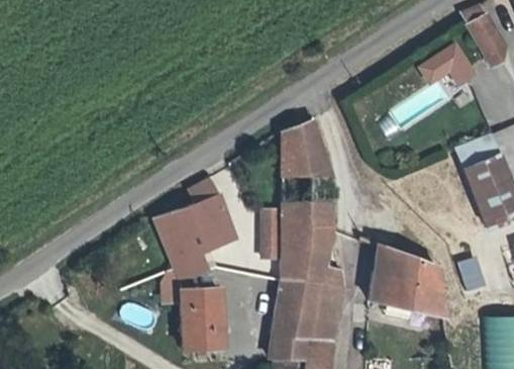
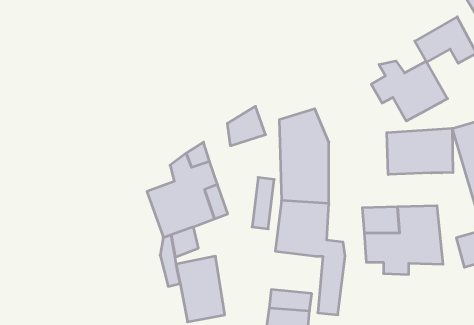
building: none -> [371,61,448,121]
building: [282,111,320,151] -> [227,106,266,146]
building: none -> [387,128,453,175]
building: [277,282,321,325] -> none

